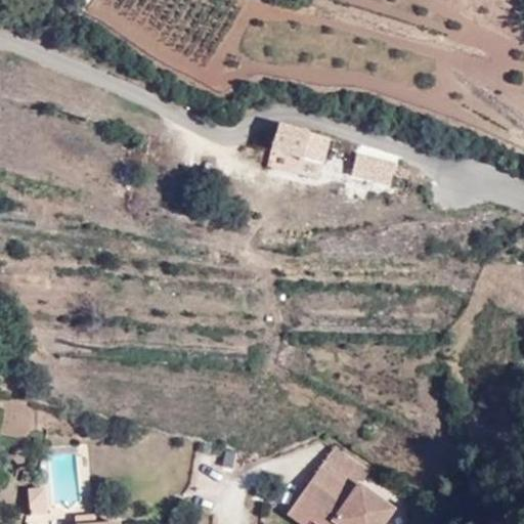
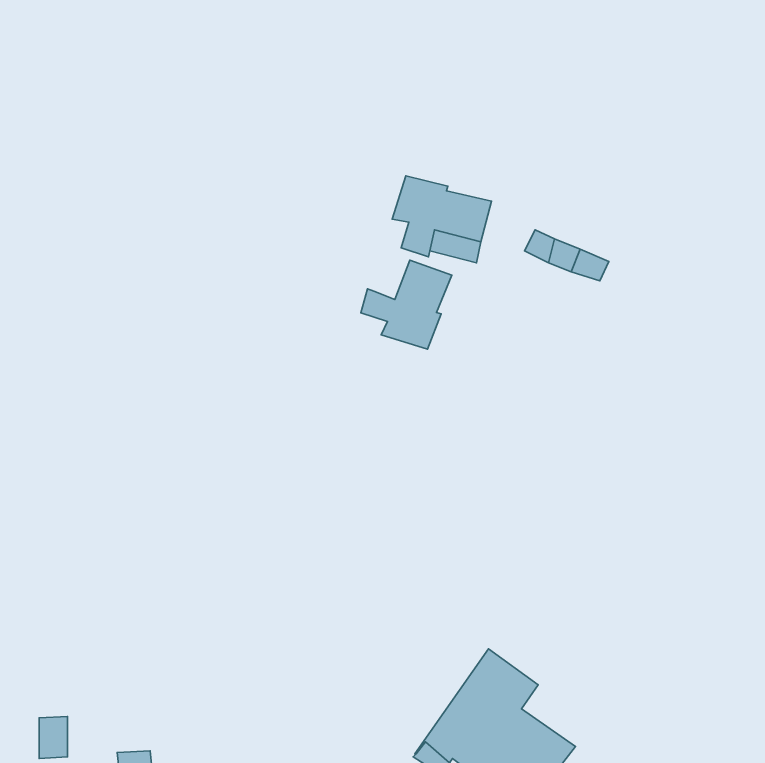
building: none -> [361,260,452,349]

